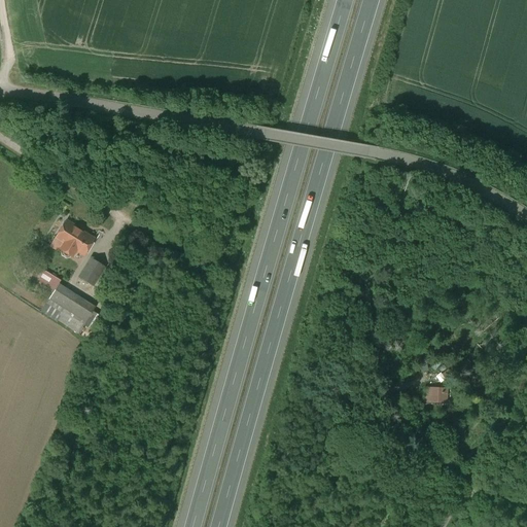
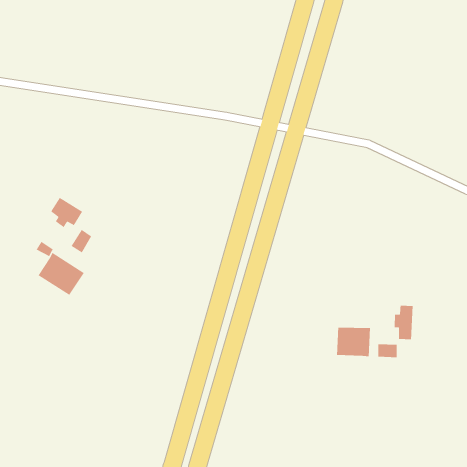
building: none -> [394,305,413,340]
building: none -> [336,327,371,357]

